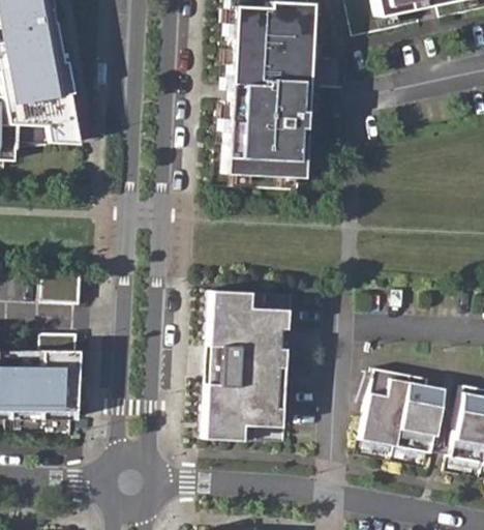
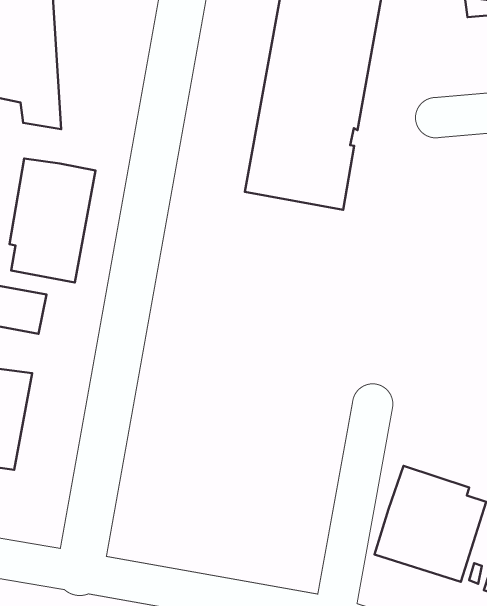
building: none -> [9,159,96,283]
building: [205,291,288,441] -> none

